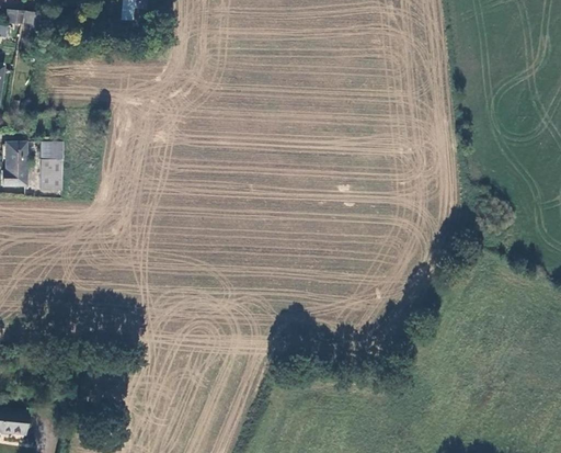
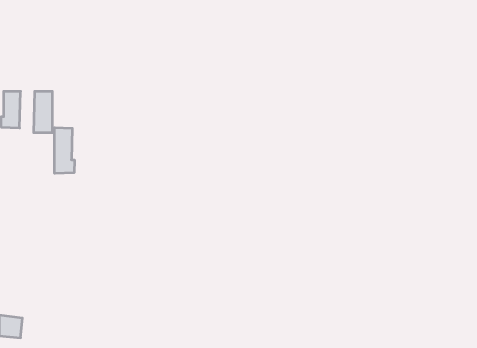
building: none -> [55,128,74,173]

